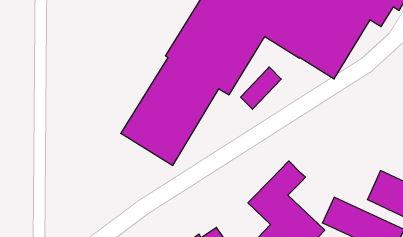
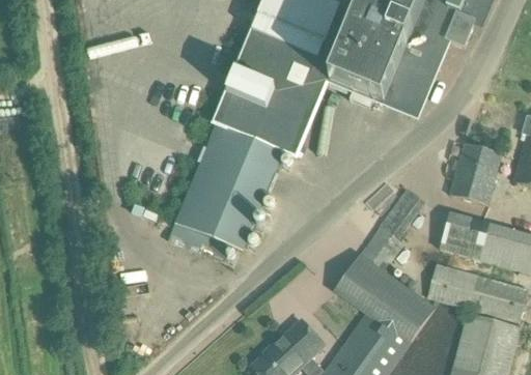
building: [241,67,281,109] -> [378,186,423,240]
building: none -> [451,144,501,204]
building: none -> [440,211,490,260]

